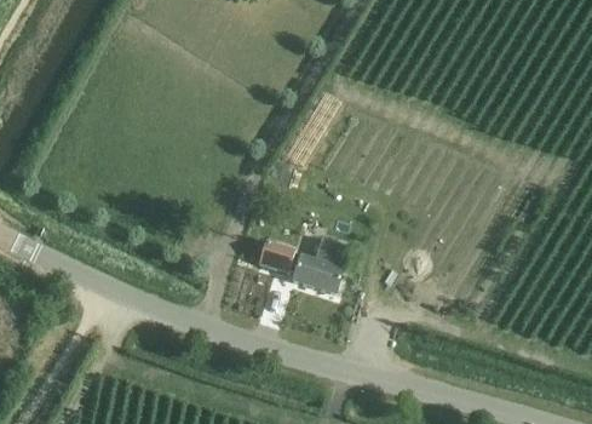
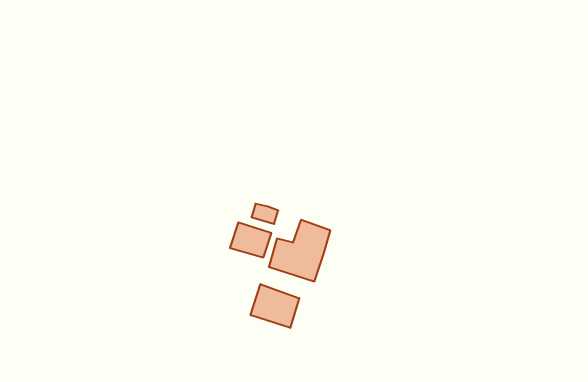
building: none -> [251,284,299,328]

